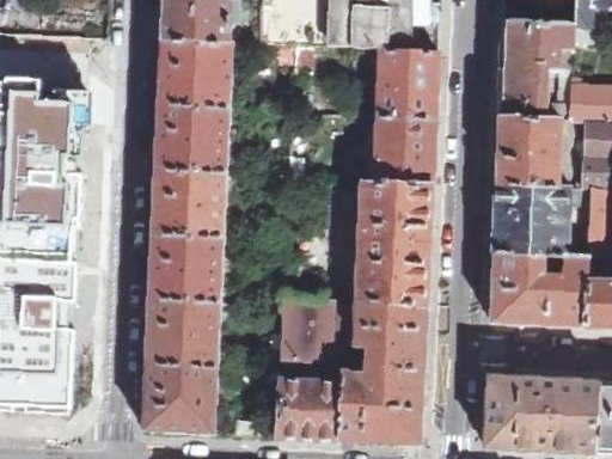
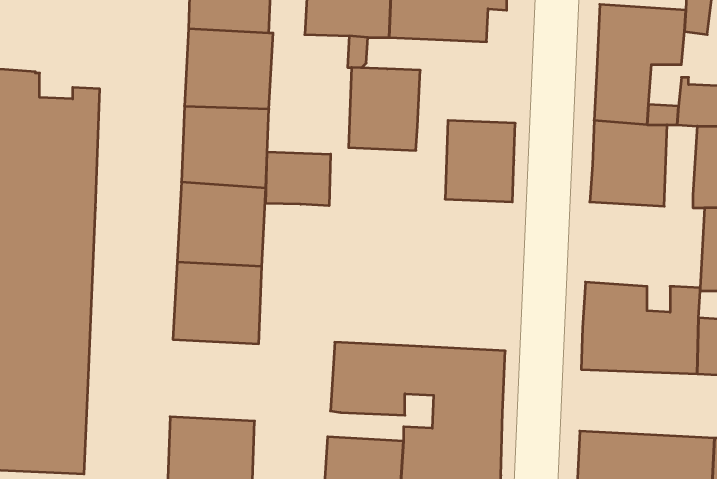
building: [377,49,436,118] -> [349,67,420,150]
building: none -> [266,152,331,206]
building: [355,182,430,308] -> none
building: [491,184,569,255] -> none
building: [145,299,219,367] -> none

